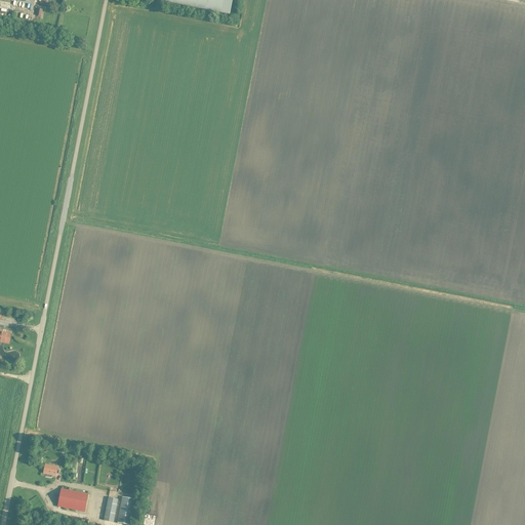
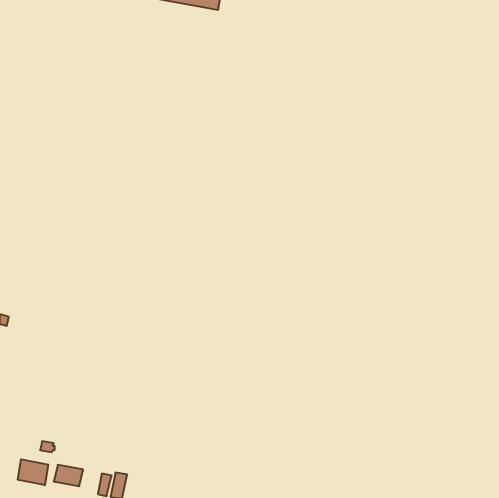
building: none -> [18,459,48,485]

